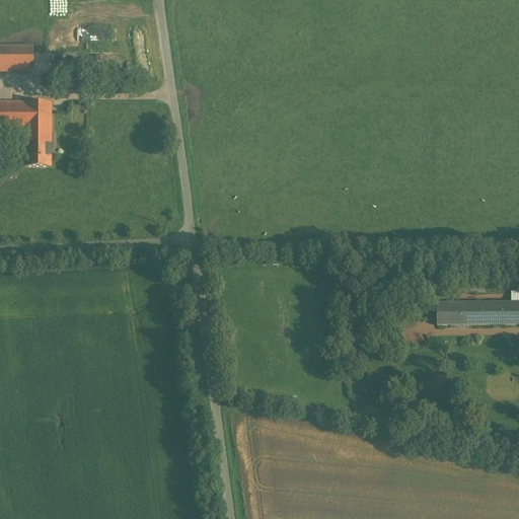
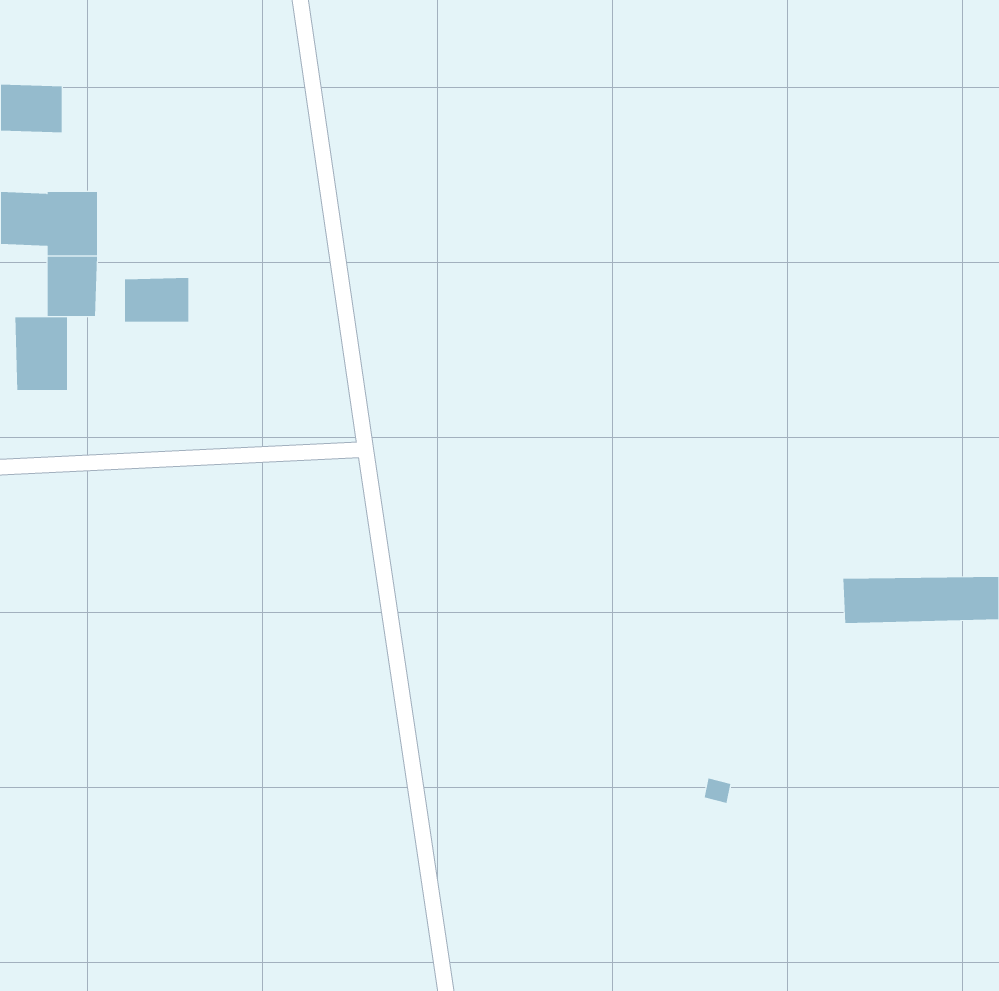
building: none -> [125,277,189,322]
building: none -> [15,317,68,391]

